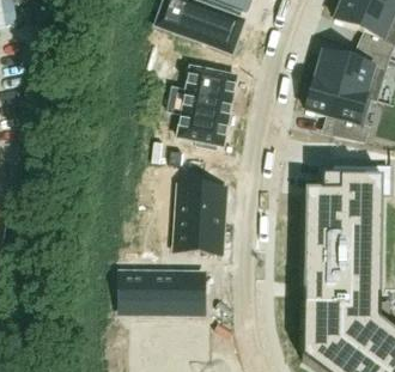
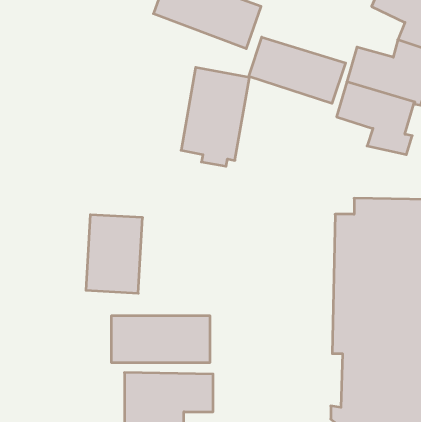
building: none -> [249,37,346,103]
building: [176,187,223,251] -> [86,215,143,293]

